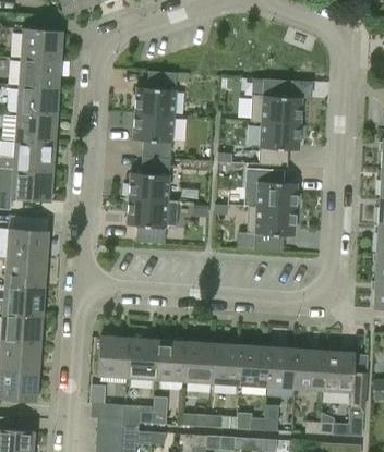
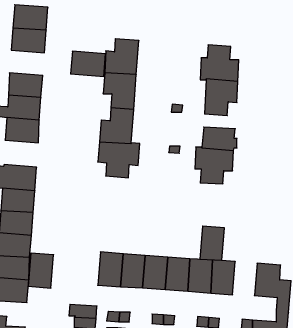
building: [16,85,60,117] -> [71,51,106,77]
building: [98,334,130,378] -> [28,253,54,288]
building: [295,349,325,391] -> [200,226,224,260]

